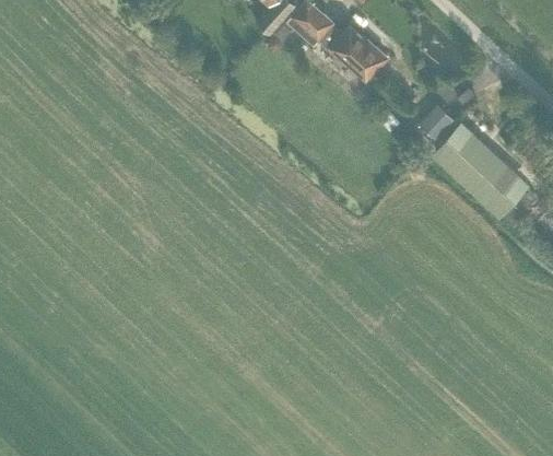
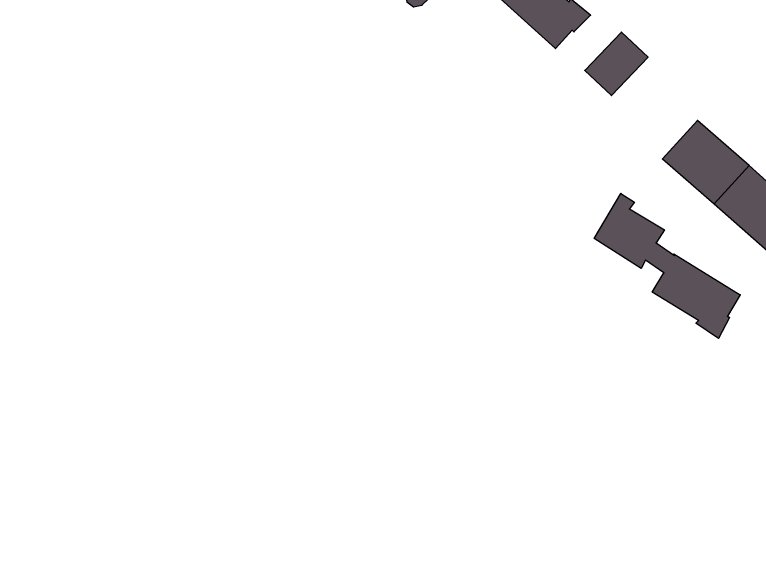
building: [412,105,454,147] -> [585,32,648,96]
building: none -> [594,193,740,338]

